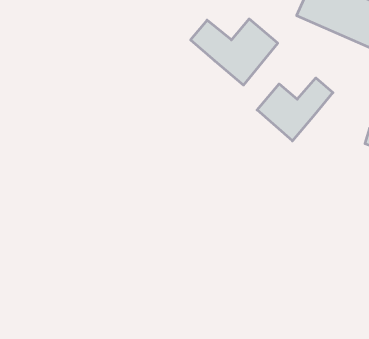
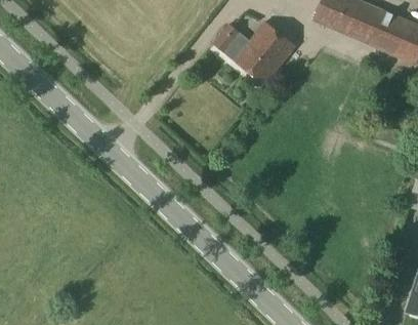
building: [257,78,333,141] -> none

